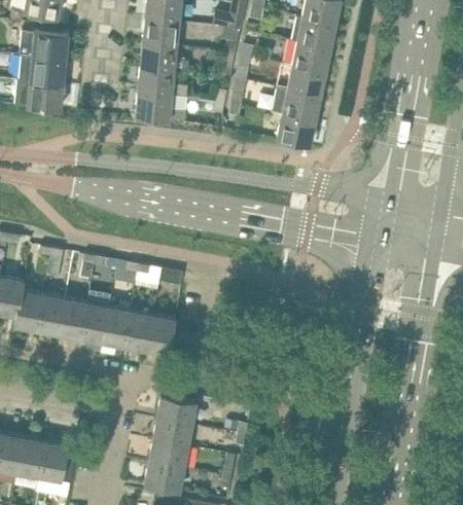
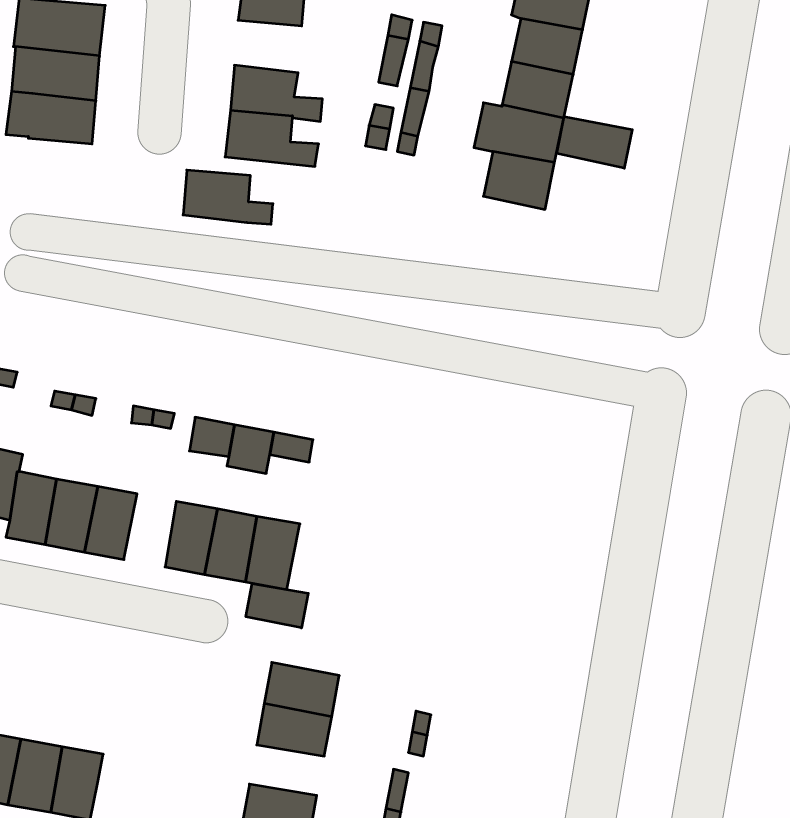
building: [140,43,189,73] -> [183,170,273,224]
building: none -> [557,116,632,168]
building: [79,303,108,344] -> none
building: none -> [246,583,308,628]
building: [148,441,189,469] -> none

